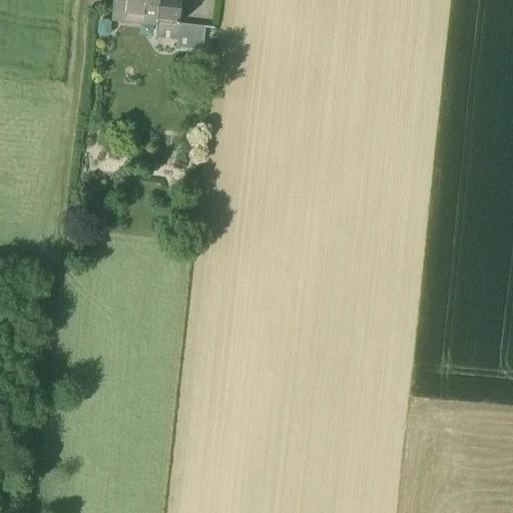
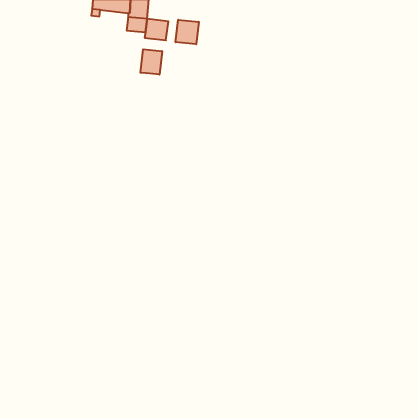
building: none -> [176,20,199,44]
building: none -> [140,49,162,75]

